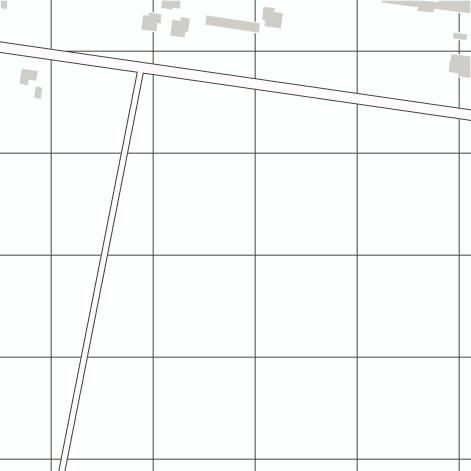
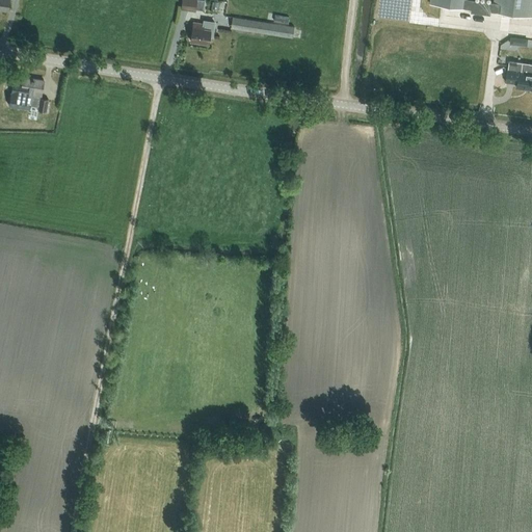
building: [261,6,284,29] -> none
building: [141,12,162,32] -> none

